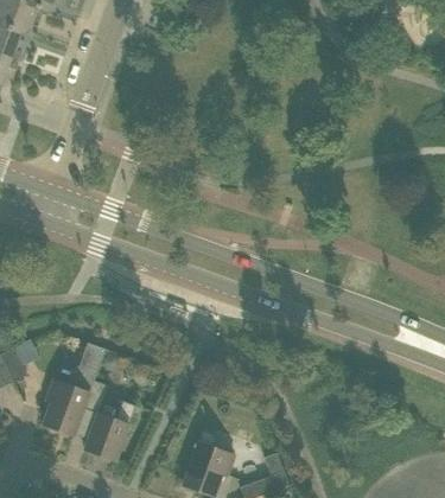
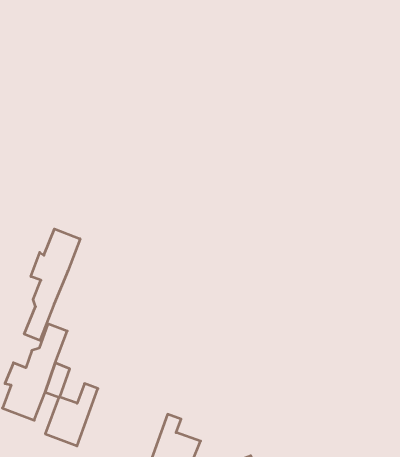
building: none -> [24,229,80,340]

